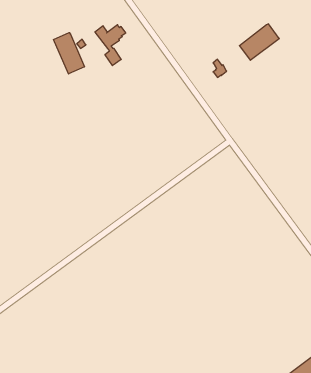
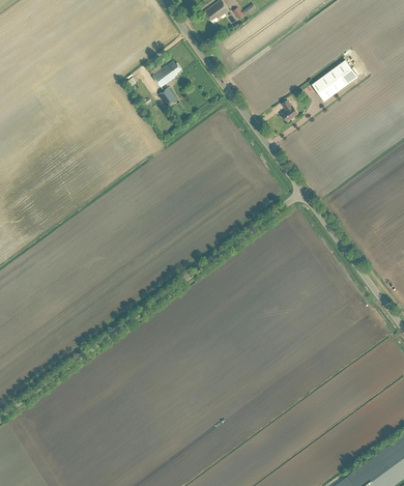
building: [53,33,84,74] -> none

